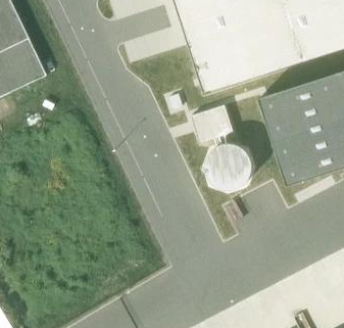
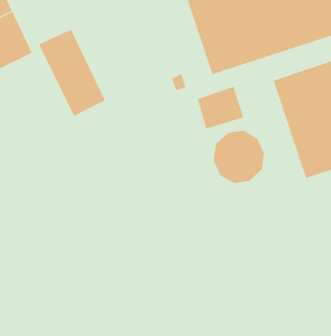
building: none -> [39,29,106,117]

